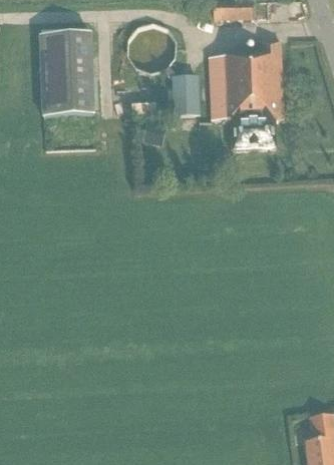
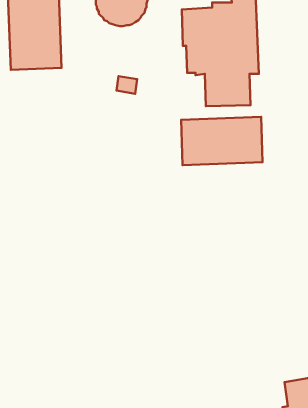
building: [173,77,199,115] -> none
building: none -> [181,117,263,165]

